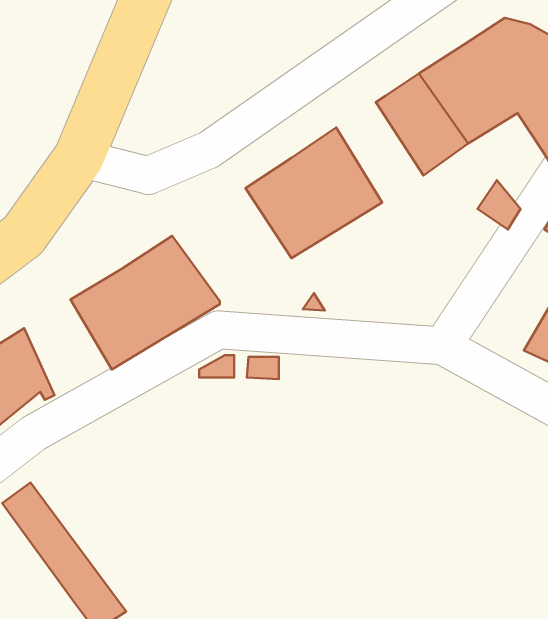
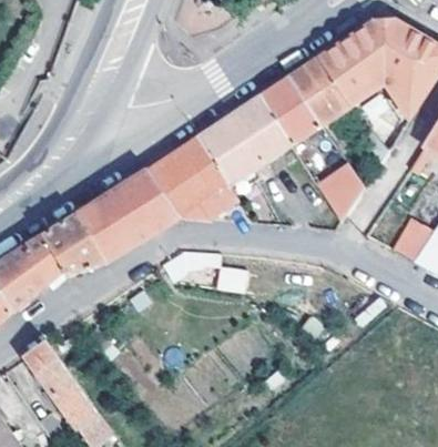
building: none -> [259,77,320,146]
building: none -> [145,136,236,217]
building: none -> [316,164,365,223]
building: none -> [42,214,103,281]

